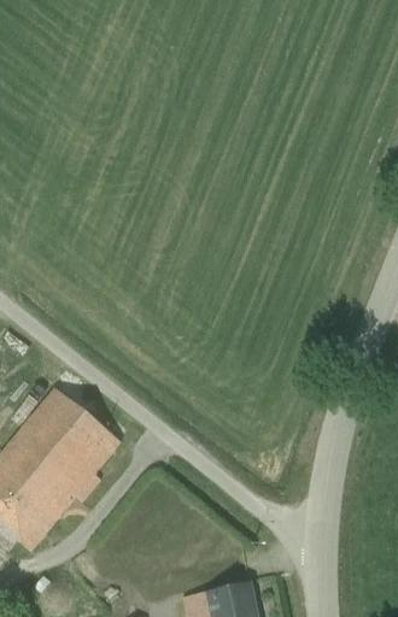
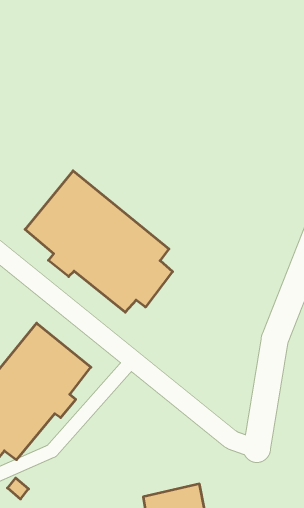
building: none -> [25,171,173,312]

